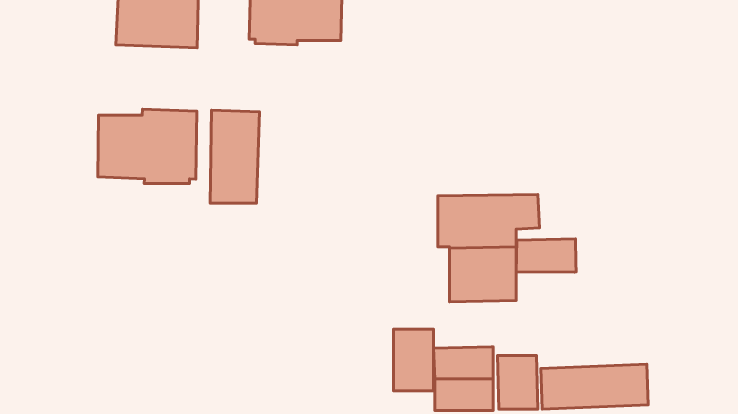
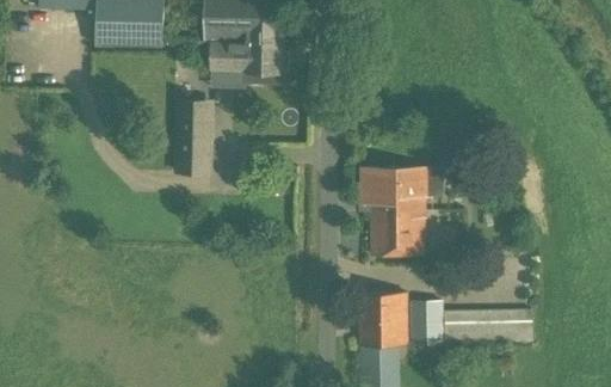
building: none -> [210,41,280,85]
building: [98,109,197,184] -> none
building: [516,239,576,272] -> none
building: [393,329,434,391] -> none

